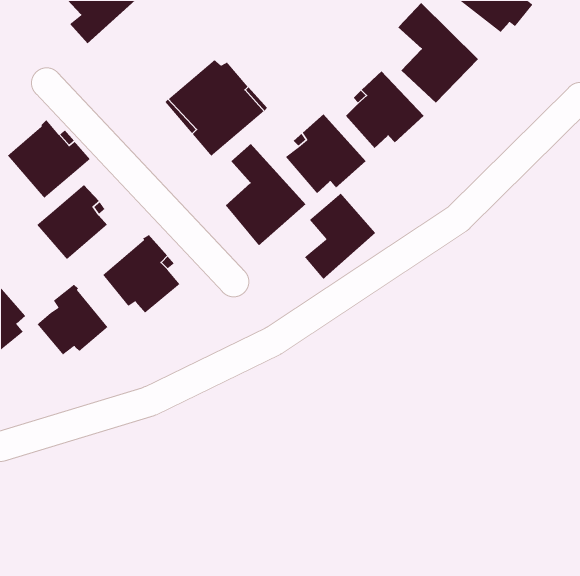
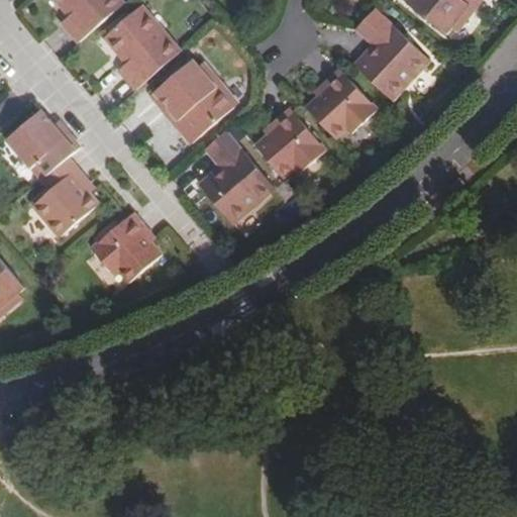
building: none -> [105,8,180,92]
building: [304,193,376,280] -> none
building: [37,284,108,356] -> none

